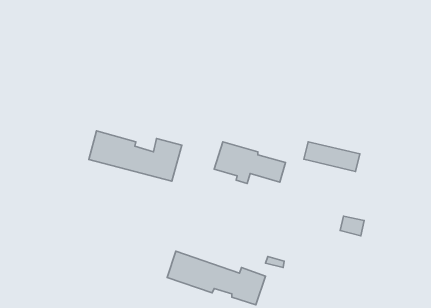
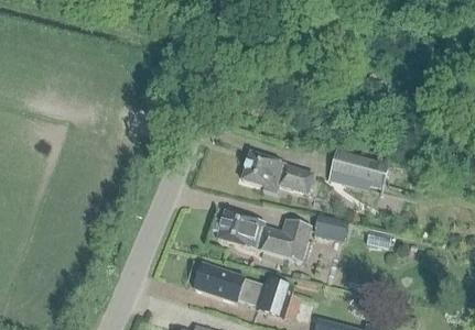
building: [89,131,182,181] -> [216,210,310,261]
building: none -> [314,215,348,240]

